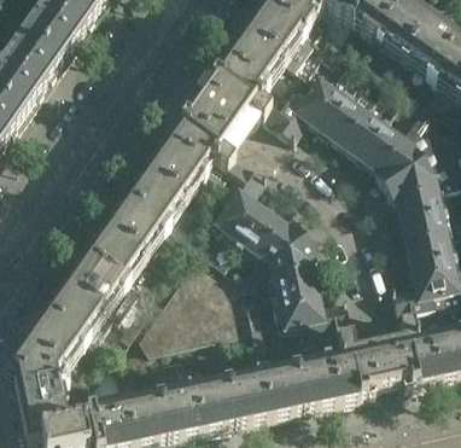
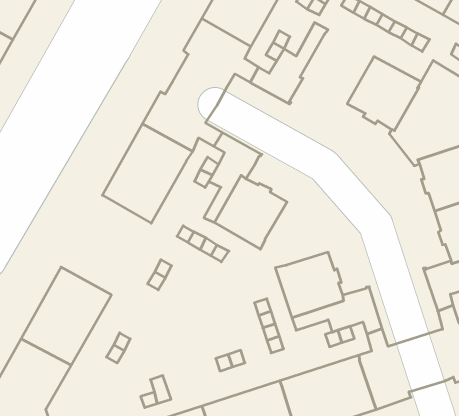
building: [303,75,367,139] -> none
building: [86,194,165,279] -> none
building: [259,215,316,269] -> none
building: [146,258,233,341] -> none

